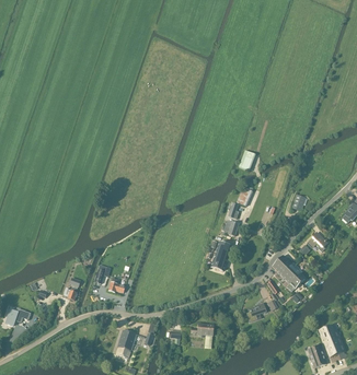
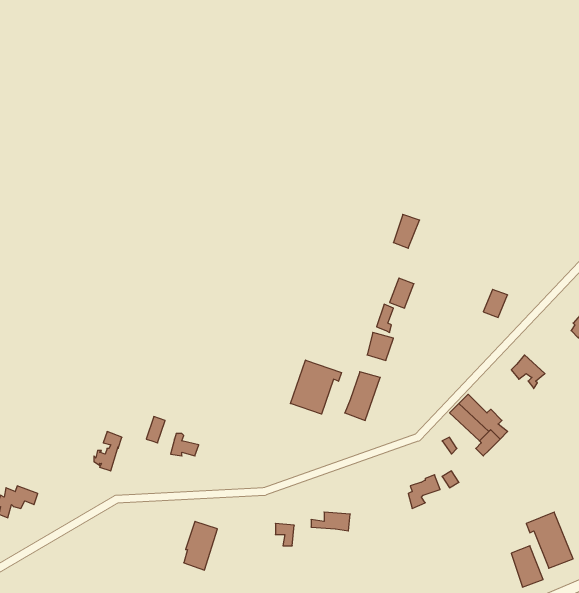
building: none -> [290,360,341,414]

